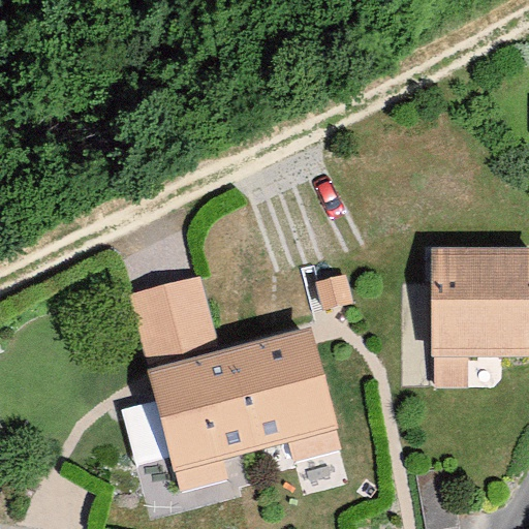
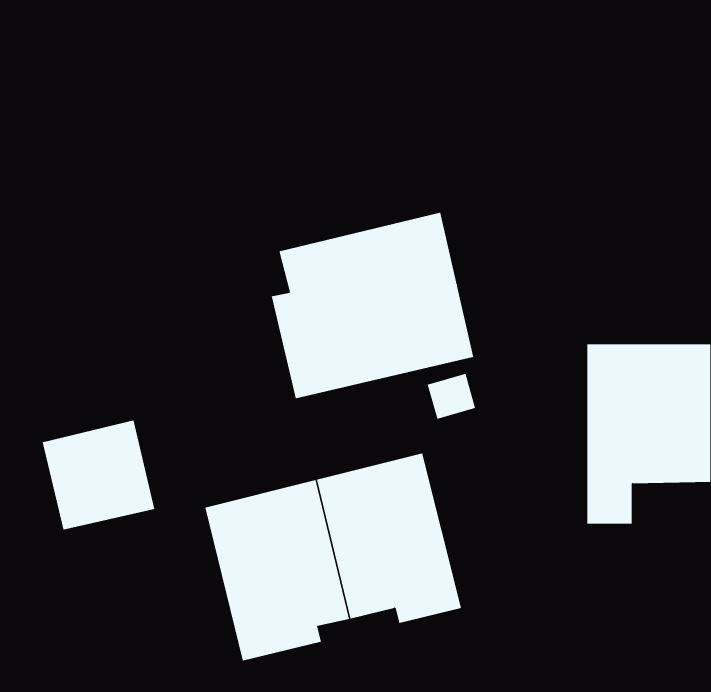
building: none -> [271,212,474,399]
building: [130,278,214,360] -> [42,420,155,530]

